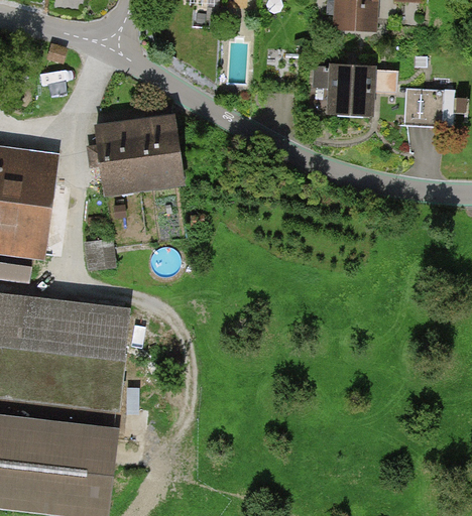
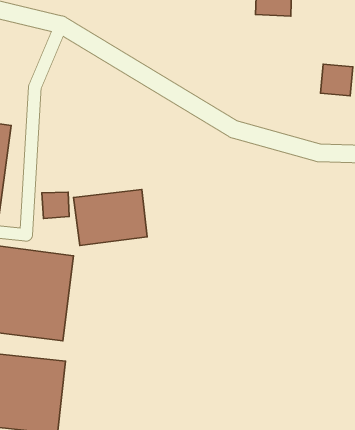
building: [328,69,375,115] -> none
building: [95,120,180,184] -> [74,189,147,246]

